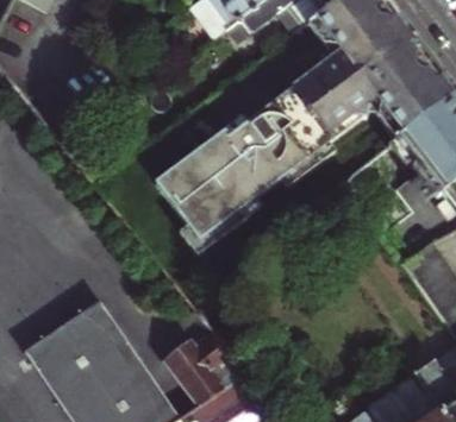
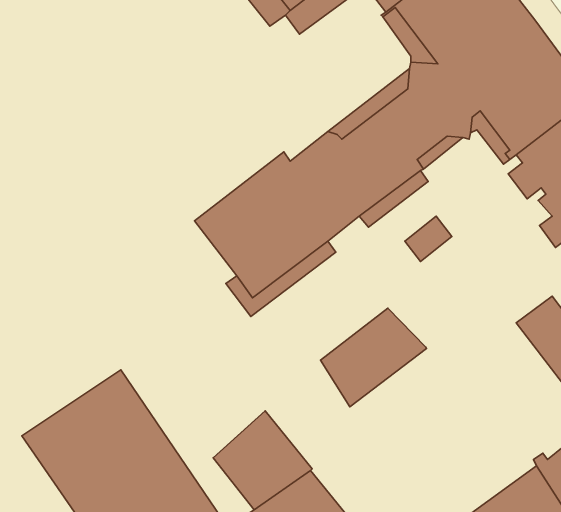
building: none -> [321,308,427,407]

